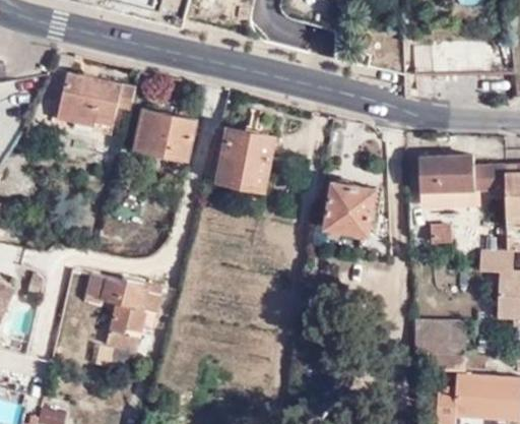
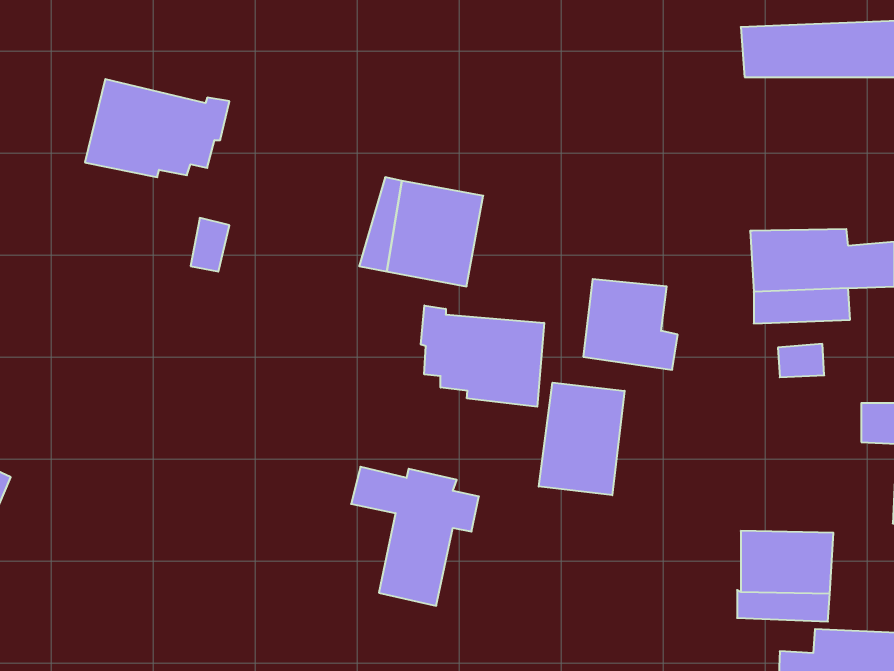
building: [134,109,196,161] -> none
building: none -> [421,305,544,407]
building: none -> [539,383,625,495]
building: [89,278,159,354] -> [351,467,479,606]

